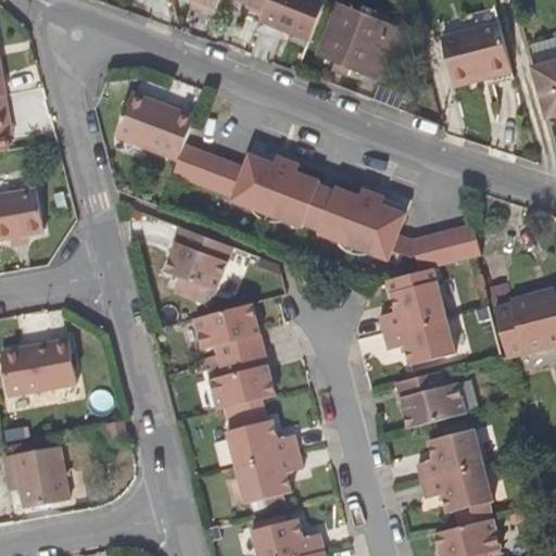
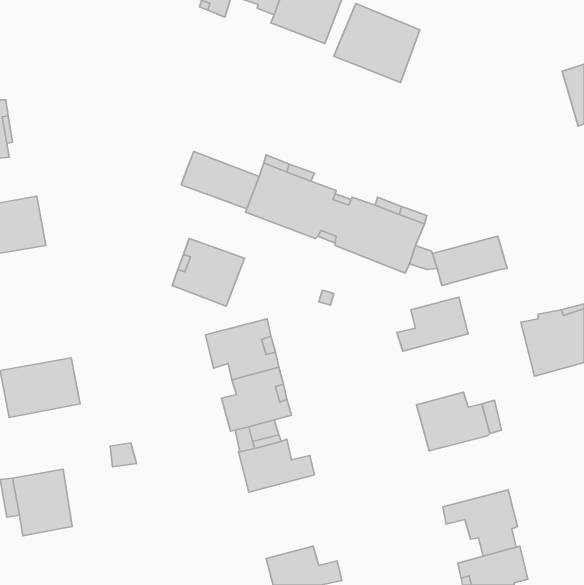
building: [440,22,510,86] -> none
building: [114,92,193,160] -> none
building: [381,316,453,365] -> none
building: [415,428,481,480] -> none
building: [236,450,302,502] -> none

